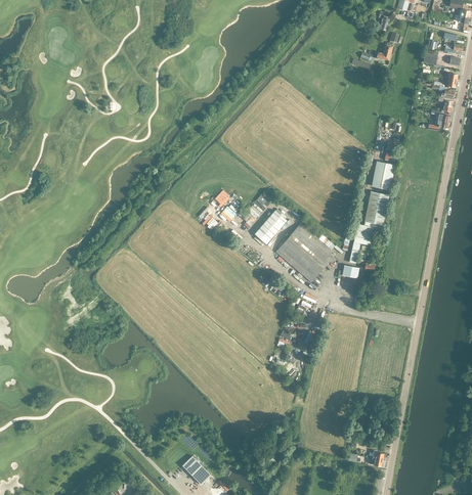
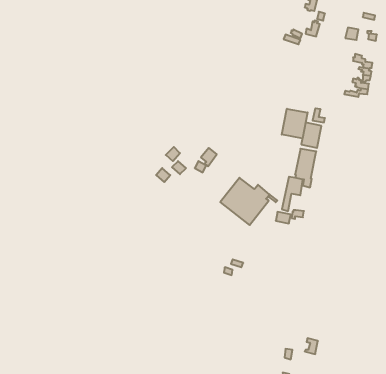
building: none -> [282,109,308,138]
building: [254,210,287,244] -> none

